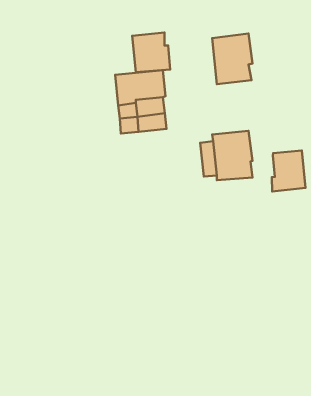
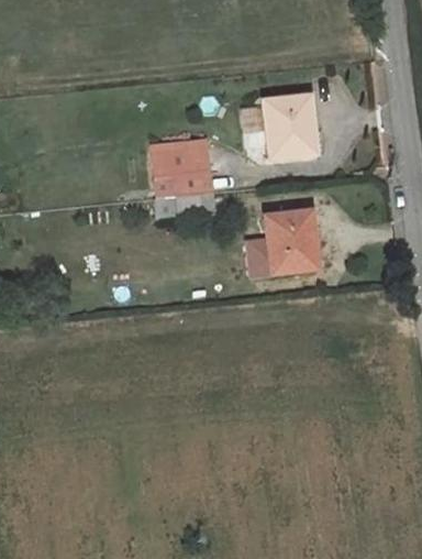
building: [132,33,170,72] -> none
building: [272,150,306,191] -> none

